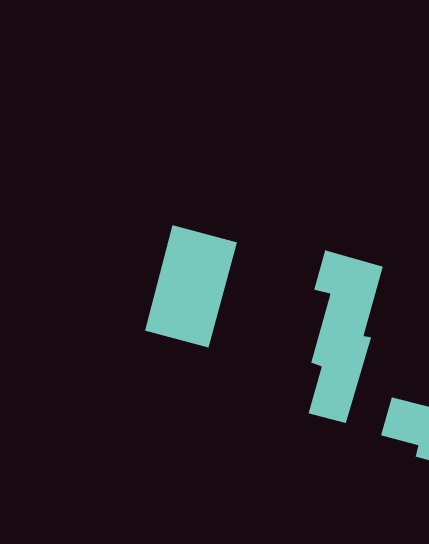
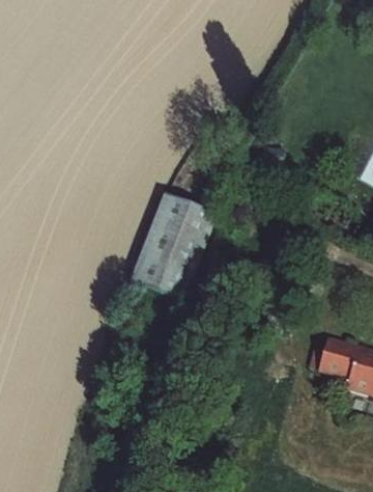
building: [308,249,383,424] -> none

